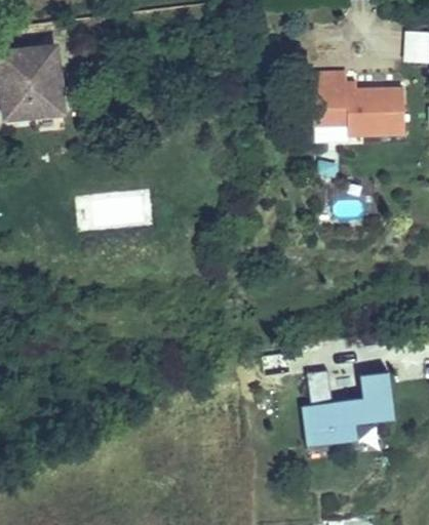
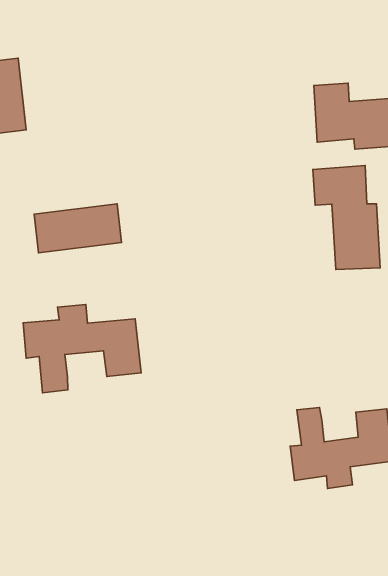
building: none -> [313,166,380,270]
building: none -> [23,304,141,393]

